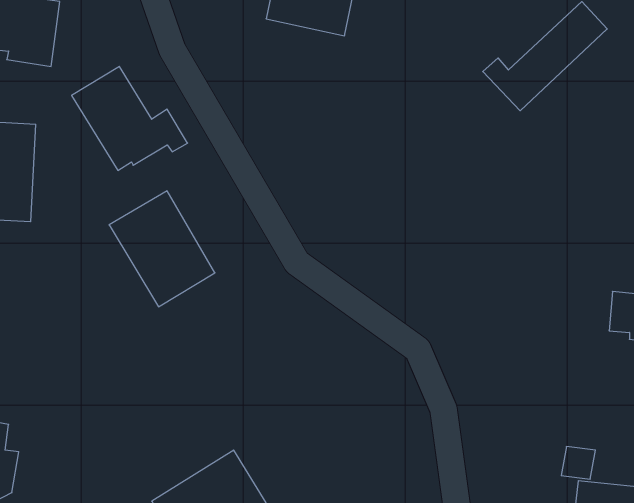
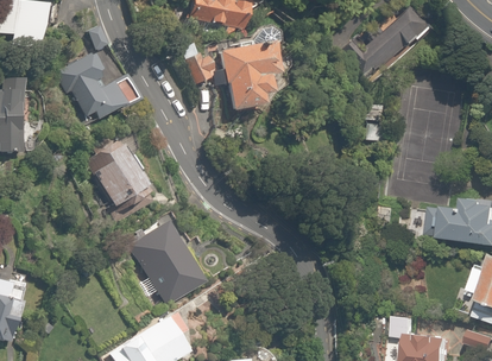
building: none -> [219,43,280,114]
building: none -> [182,50,217,87]
building: none -> [127,216,206,304]

